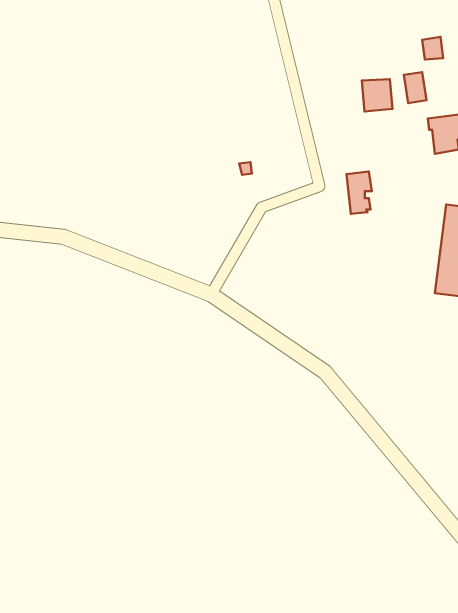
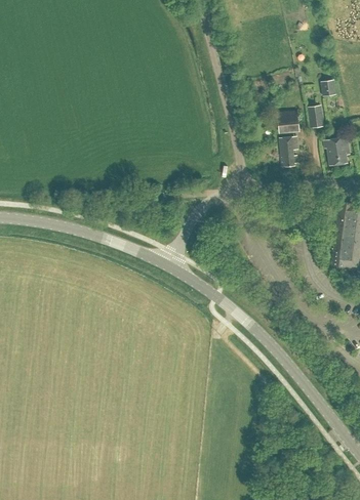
building: [346,171,372,214] -> [279,136,297,167]

